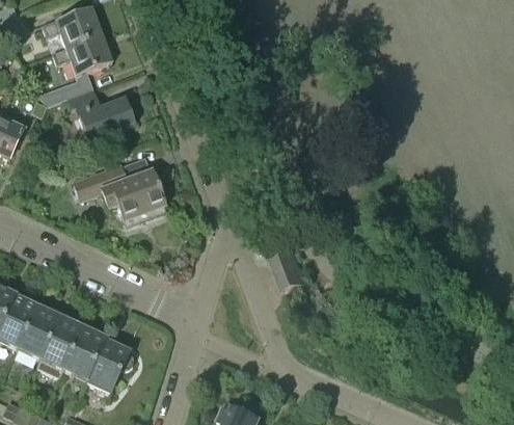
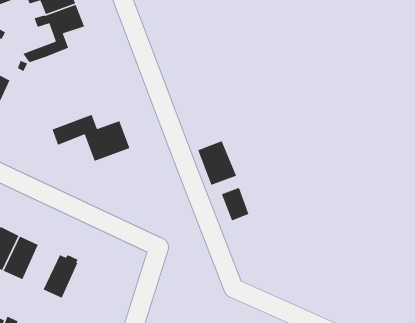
building: [66,88,134,142] -> none
building: none -> [197,140,237,186]
building: [35,316,81,378] -> none
building: [84,340,132,393] -> none

